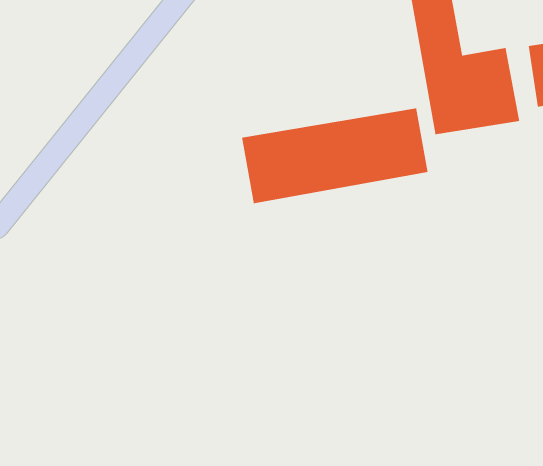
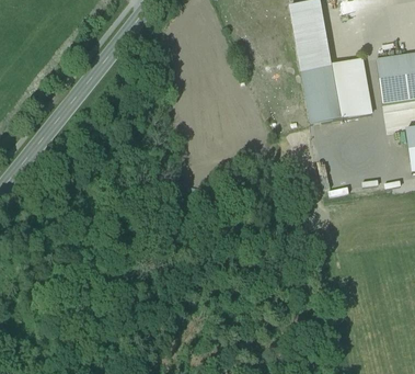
building: [241,107,428,204] -> none

